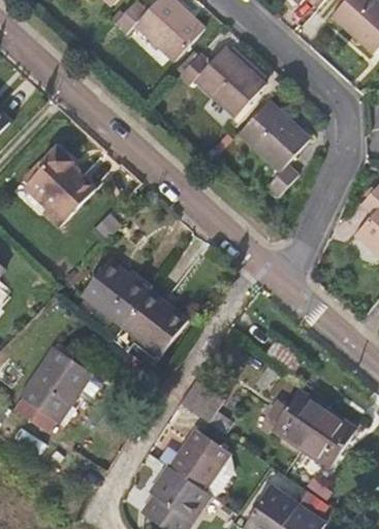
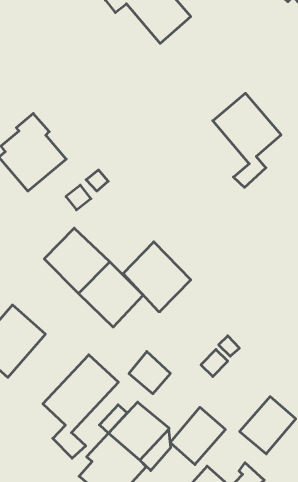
building: [178,49,262,117] -> none
building: none -> [123,242,191,312]
building: none -> [43,355,118,458]
building: [274,387,328,446] -> [170,407,225,465]

